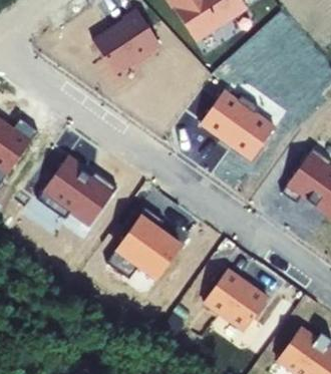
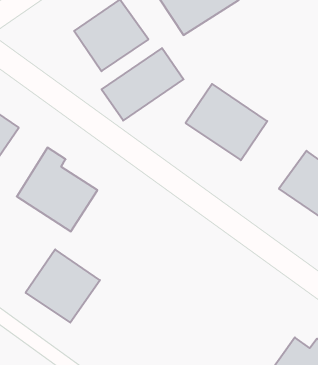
building: none -> [102,48,184,121]
building: [113,212,184,281] -> [26,249,100,323]
building: [202,267,269,334] -> none

